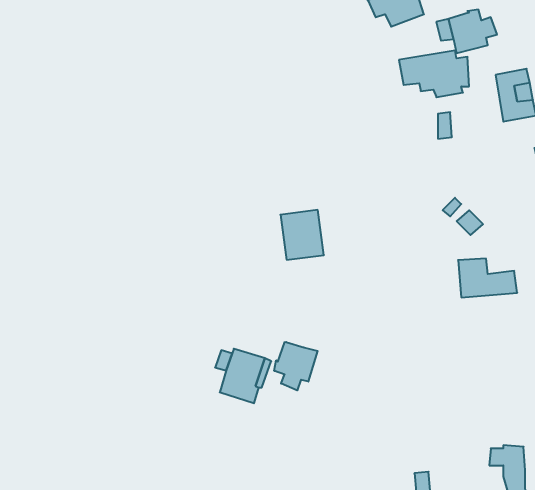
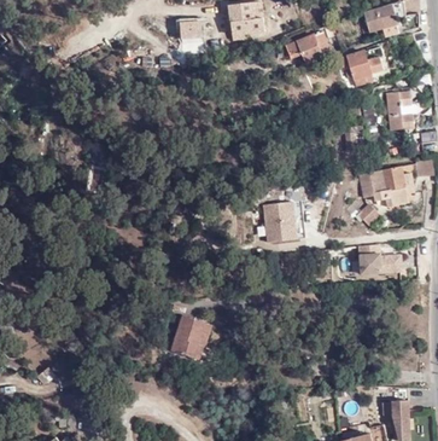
building: [399,51,469,97] -> [354,169,408,205]
building: [280,210,324,260] -> [261,201,294,239]
building: [274,342,318,390] -> none

